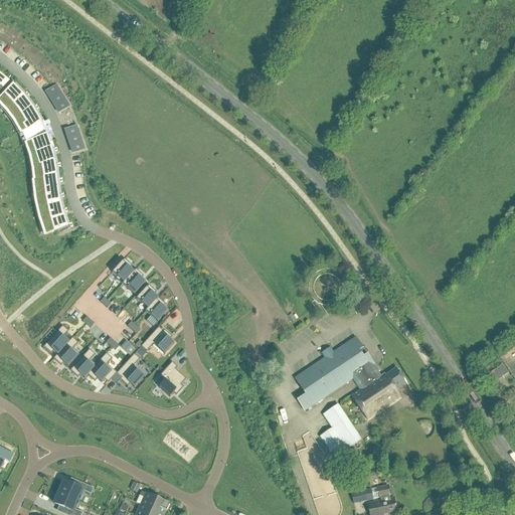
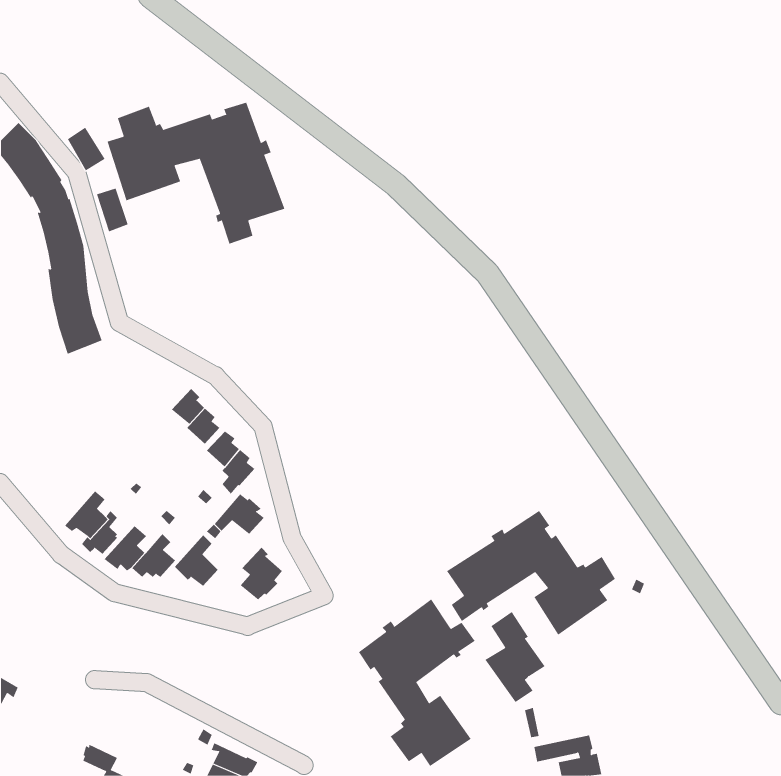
building: none -> [107,102,285,245]
building: none -> [358,599,475,767]
building: [57,480,94,499] -> none

